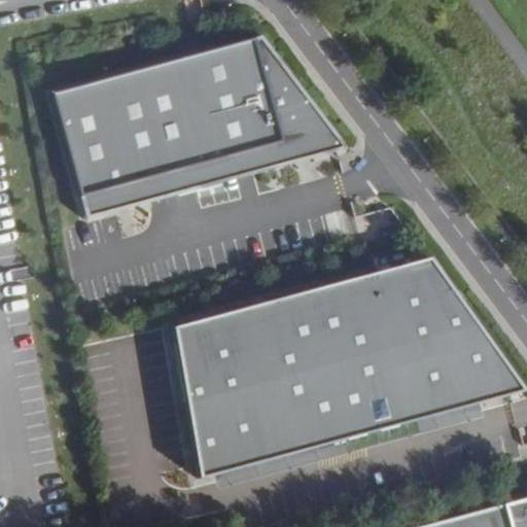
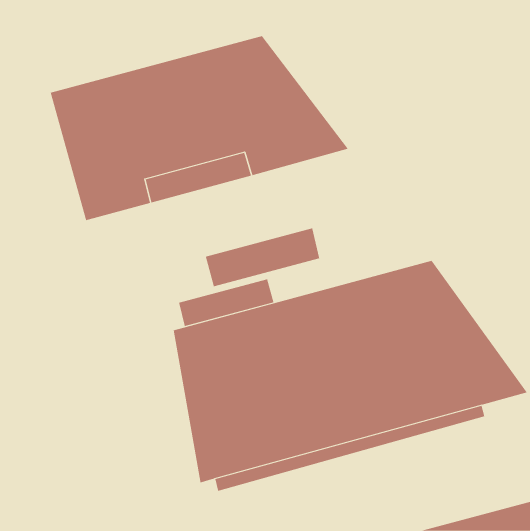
building: none -> [205,227,320,287]
building: none -> [179,279,274,327]

